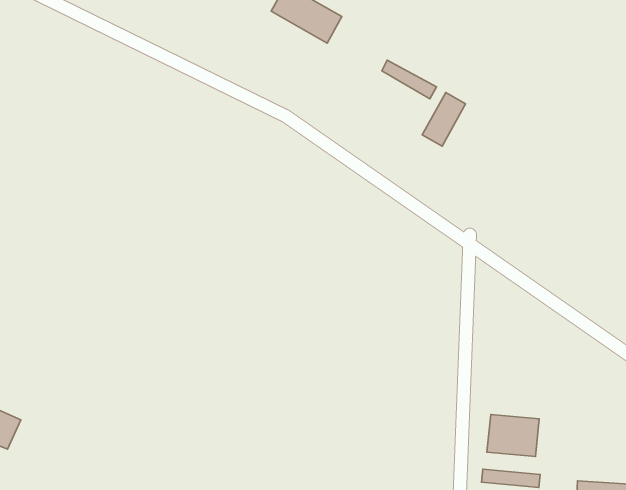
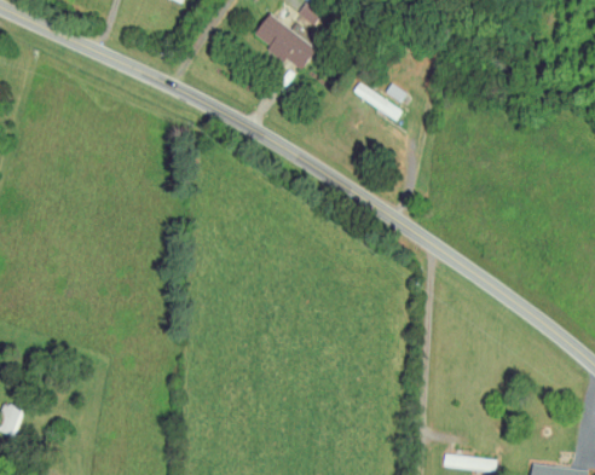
building: [422,92,466,146] -> none
building: [487,414,539,457] -> none

